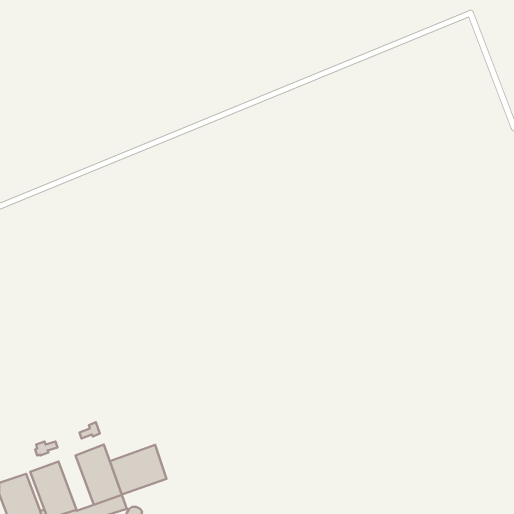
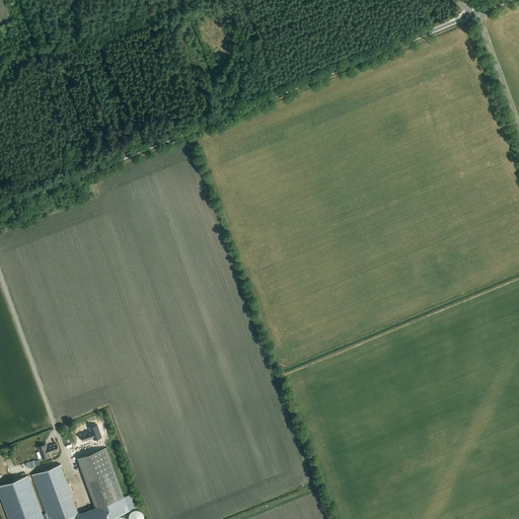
building: [110,445,167,495] -> none

